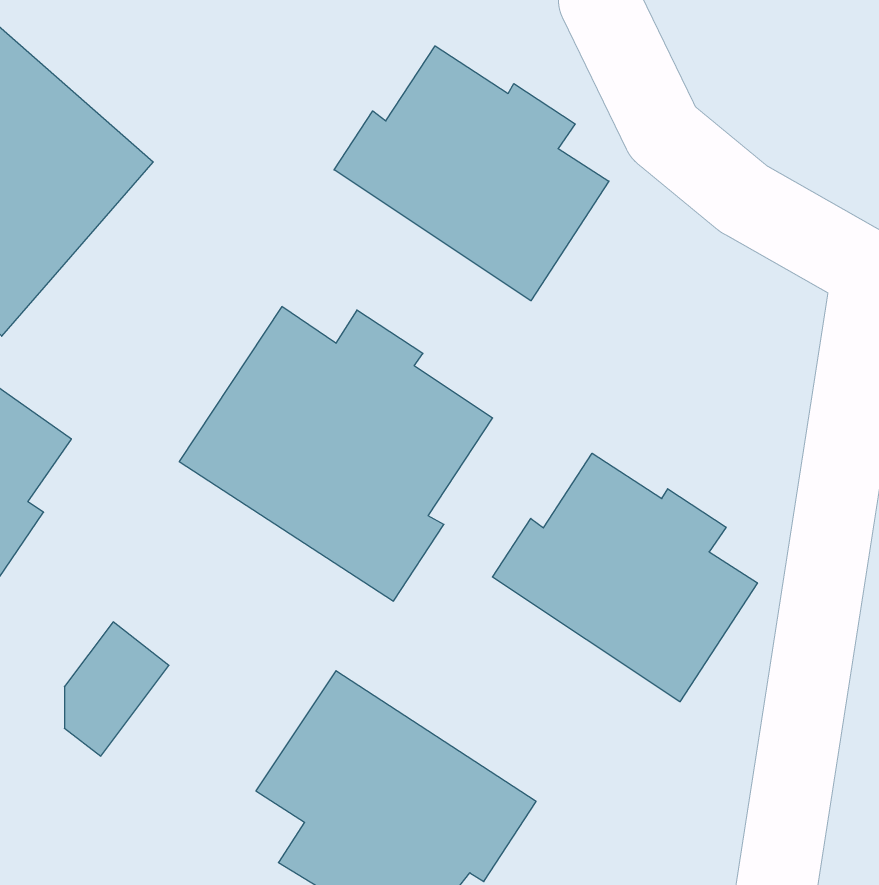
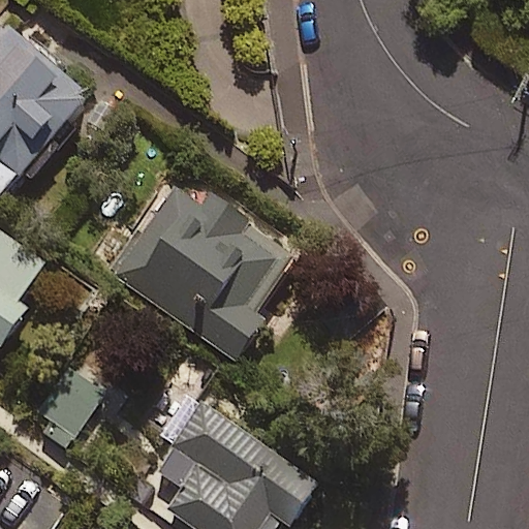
building: [334,46,609,301] -> none
building: [492,453,757,702] -> none

